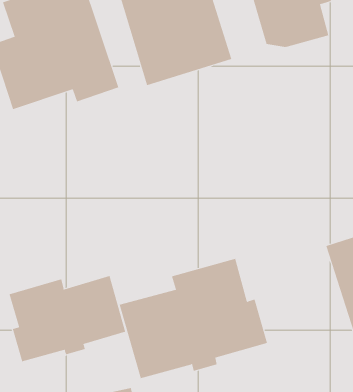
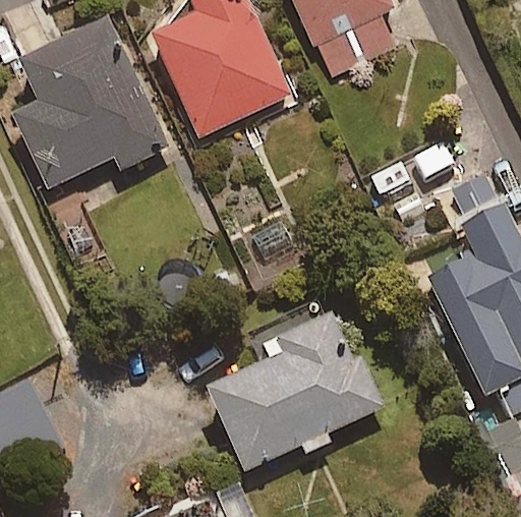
building: [9,275,126,362] -> none

